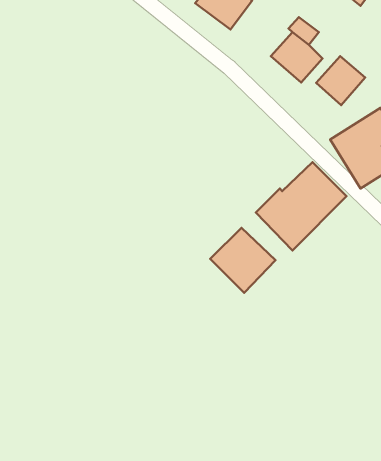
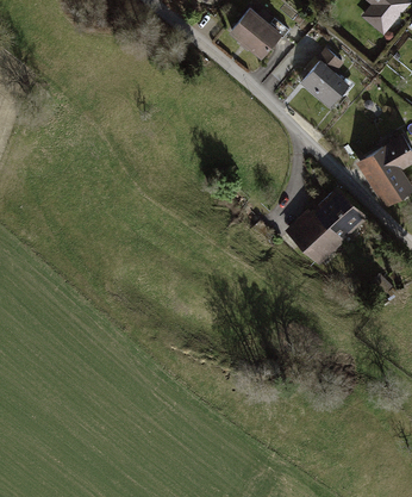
building: [316,56,365,105] -> none
building: [210,228,275,293] -> none

